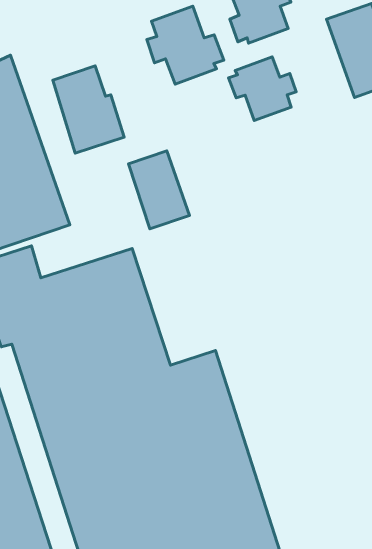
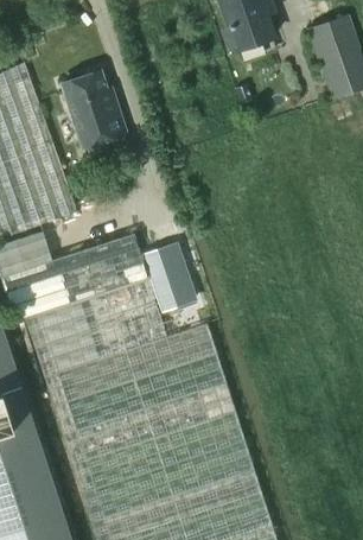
building: [147,6,224,84] -> none
building: [229,57,296,121] -> none
building: [129,151,189,229] -> [142,242,197,312]

